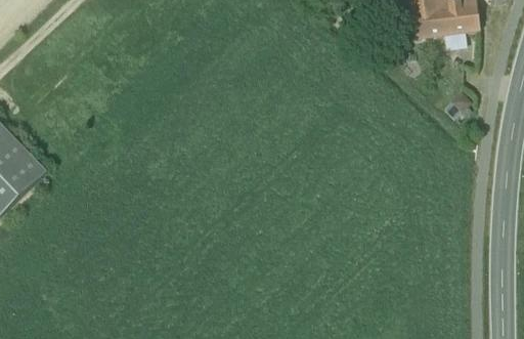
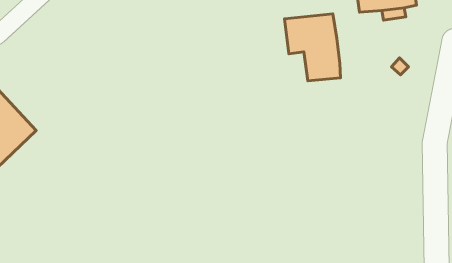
building: none -> [284,14,340,81]

